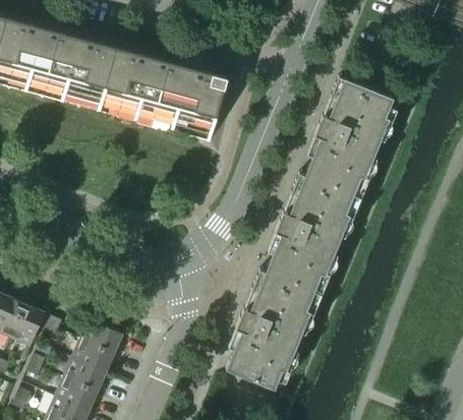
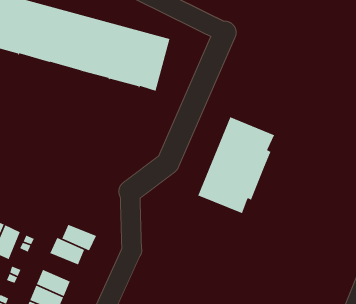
building: [300,76,394,195] -> none
building: [227,269,315,389] -> none
building: [72,340,116,373] -> [61,224,97,251]

